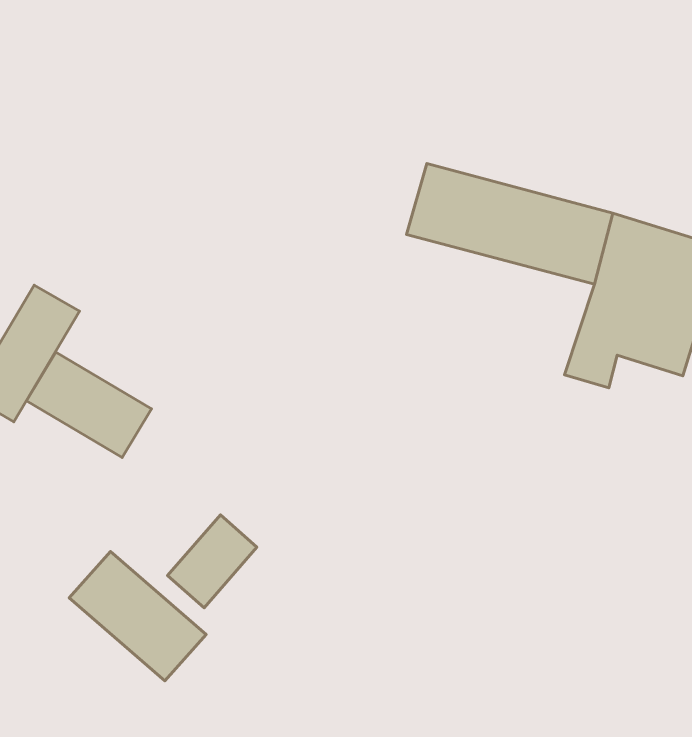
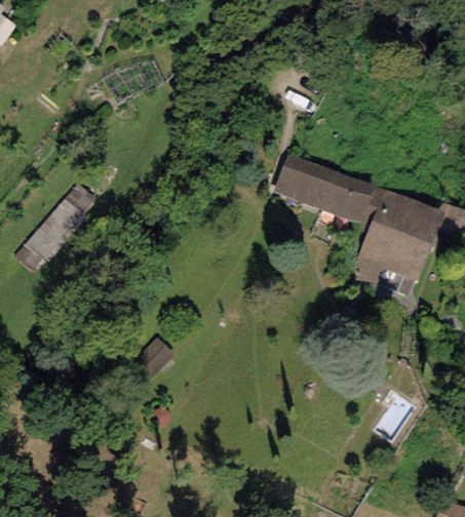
building: [26,352,151,457] -> none
building: [69,551,206,681] -> none

